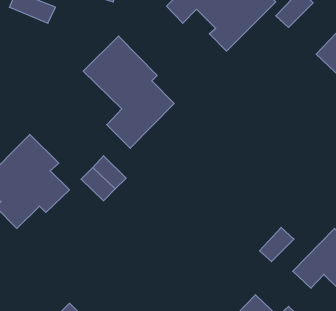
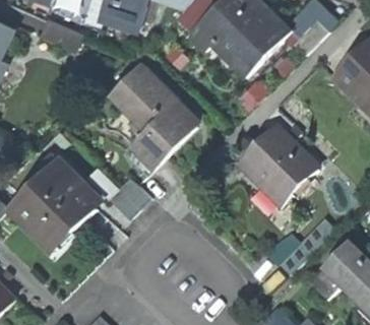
building: none -> [237,128,315,205]

